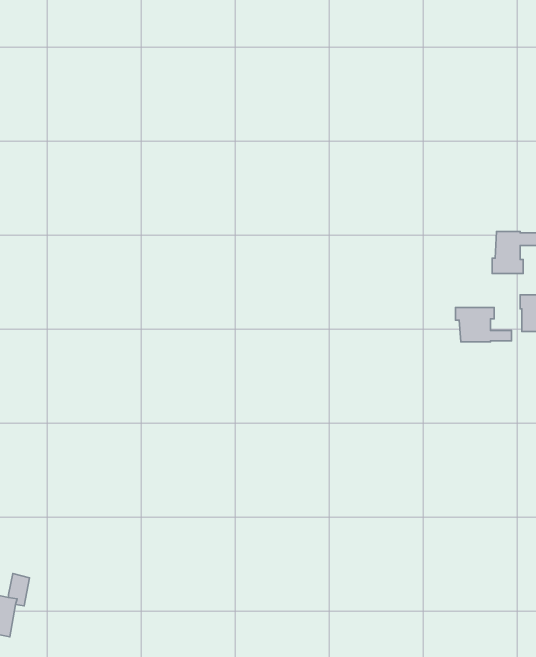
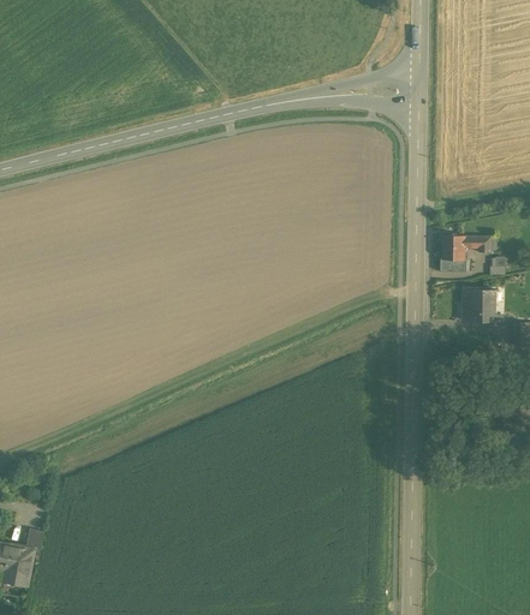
building: [456,307,512,342] -> none

